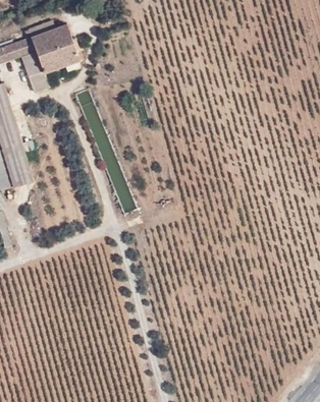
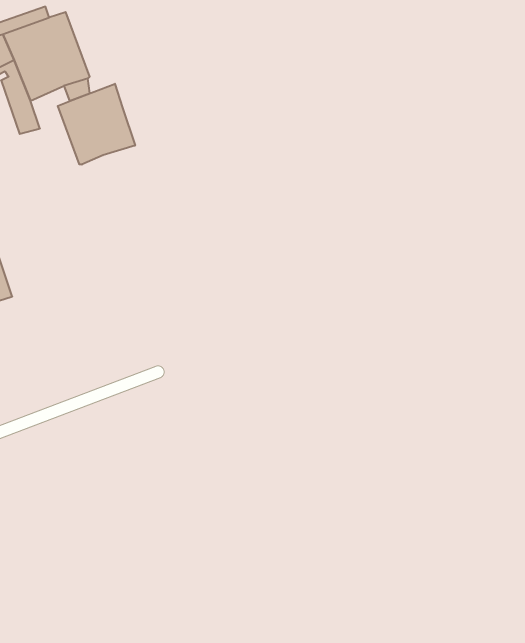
building: none -> [58,84,135,165]

